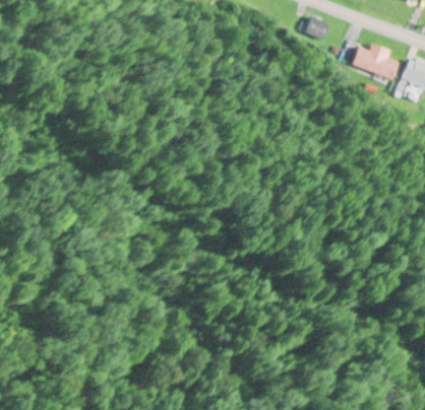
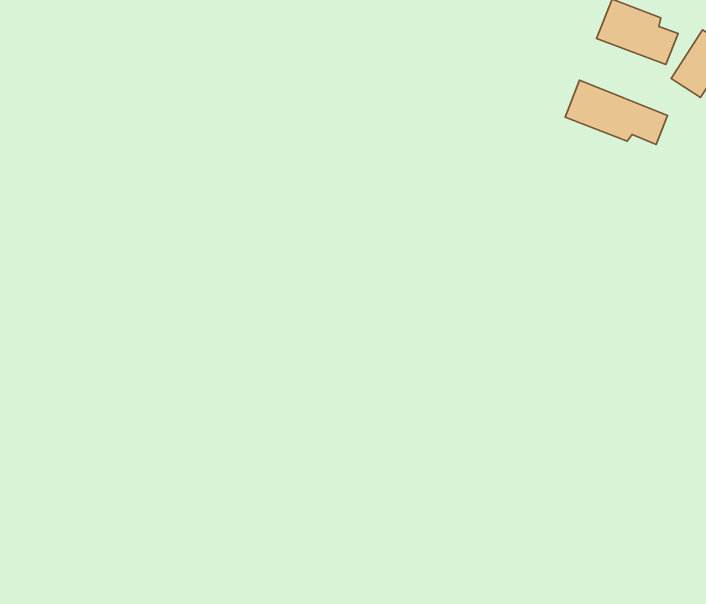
building: none -> [565,80,668,144]

